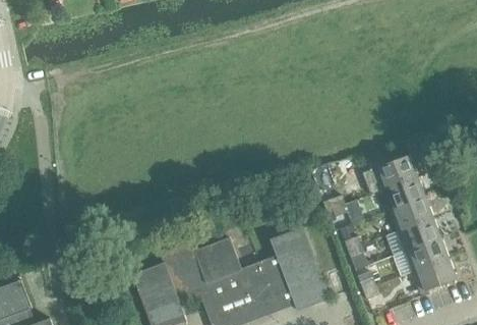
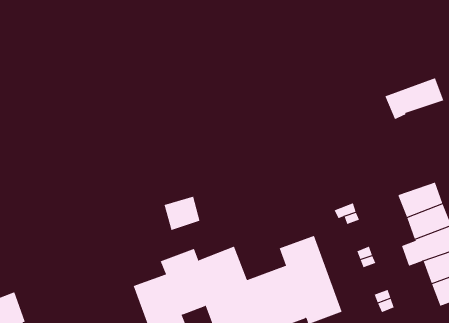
building: [361,155,417,195] -> [385,78,444,120]
building: none -> [164,196,200,231]

